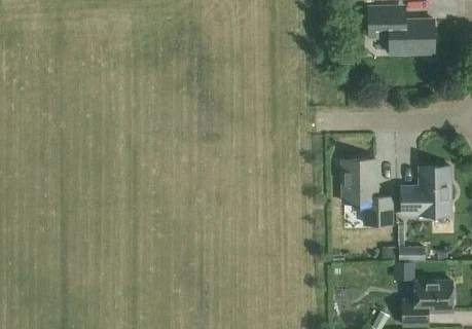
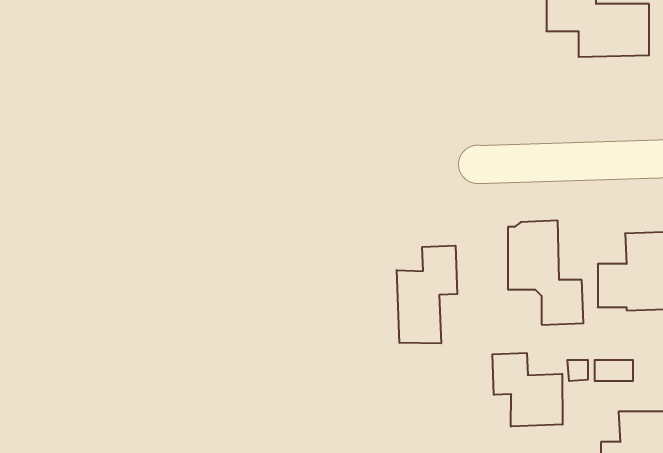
building: none -> [397,246,457,343]
building: none -> [492,353,563,427]

